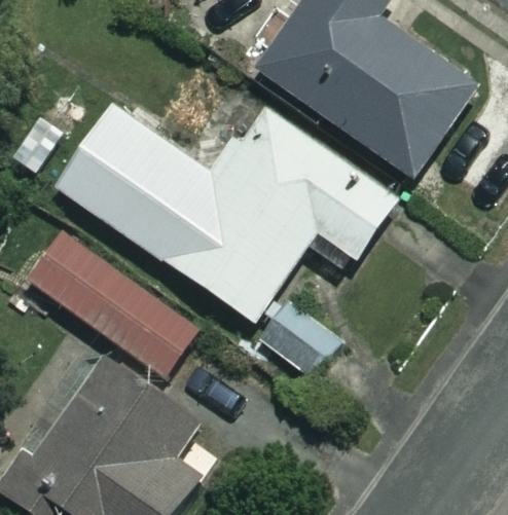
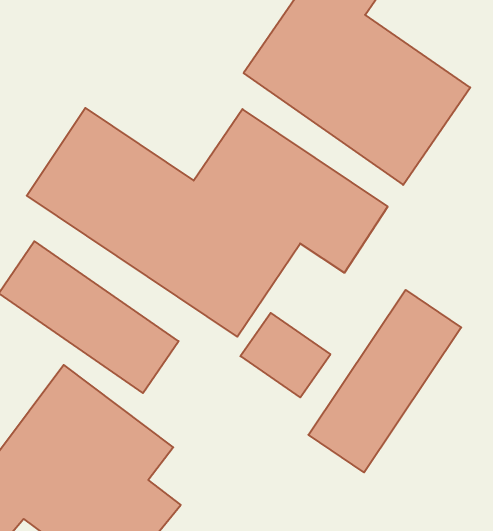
building: none -> [308,290,461,472]

